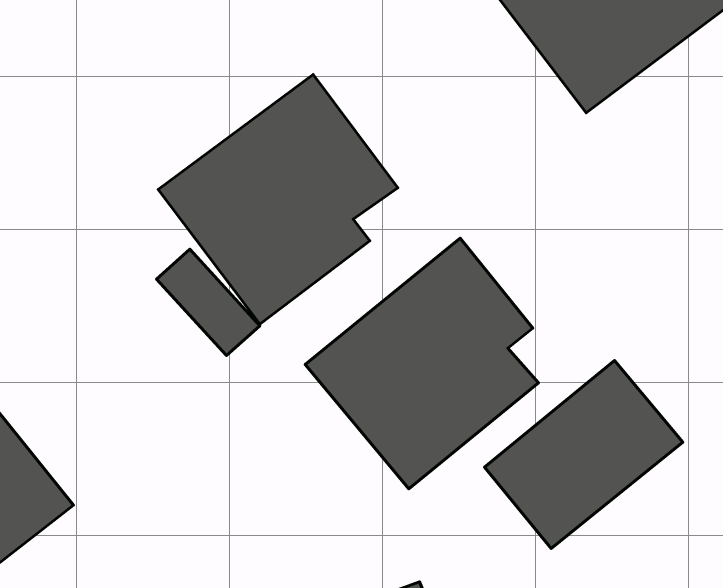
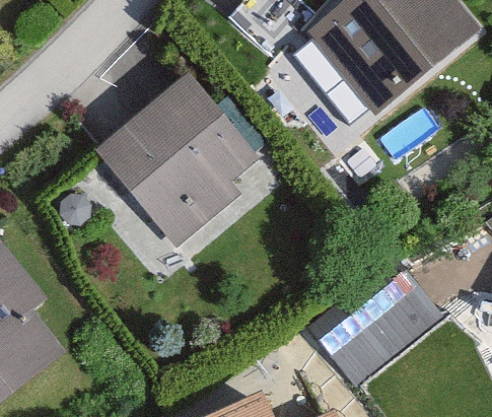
building: [305,238,539,489] -> none

